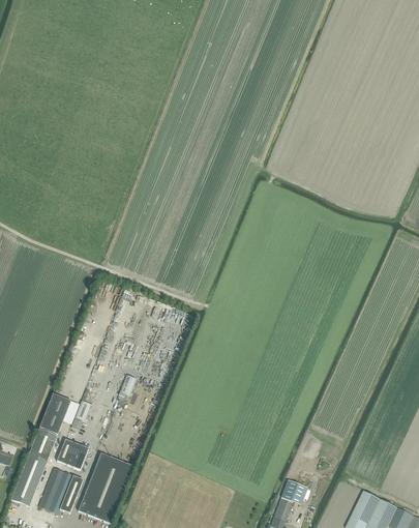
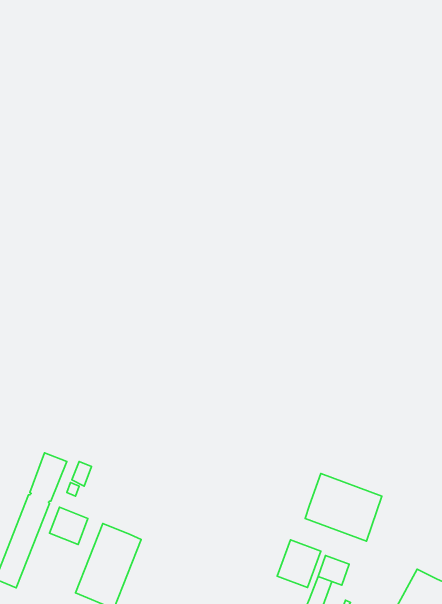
building: none -> [305,474,382,541]
building: none -> [277,540,321,588]
building: [38,468,83,514] -> none

